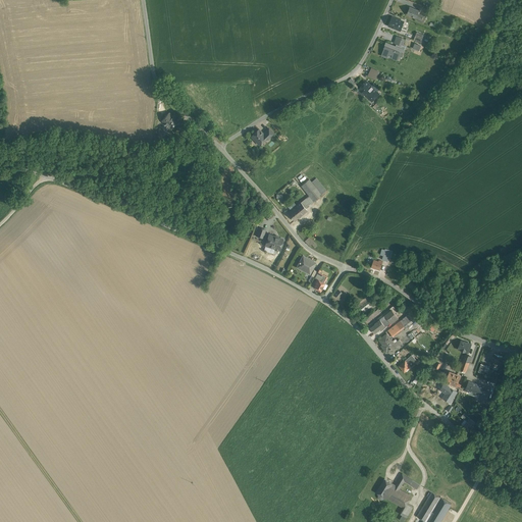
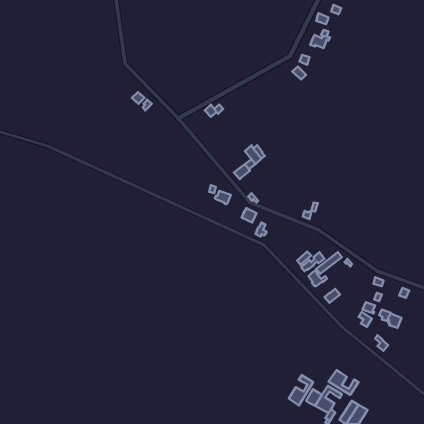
building: none -> [329,370,358,395]
building: none -> [289,375,313,405]

